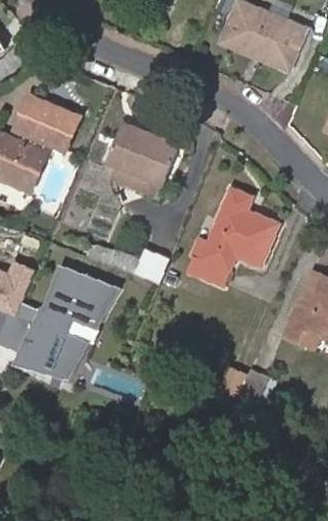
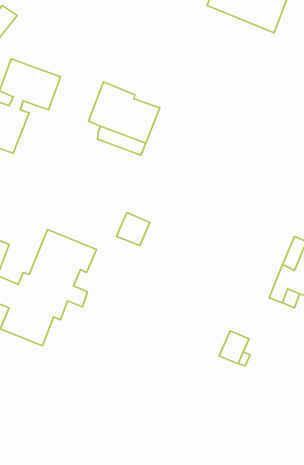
building: [185,187,278,286] -> none

